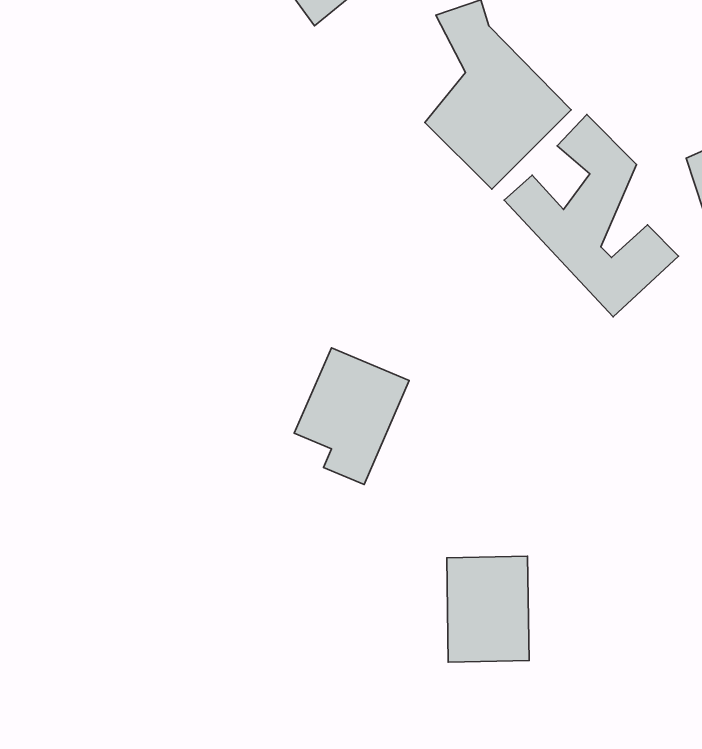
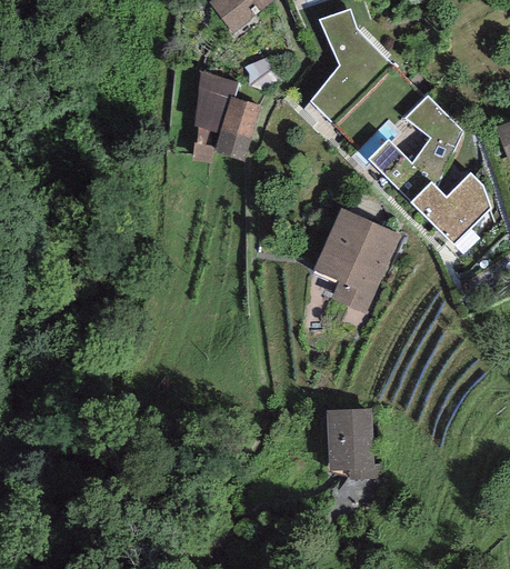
building: none -> [192,67,261,160]
building: [294,348,409,485] -> [313,209,396,307]

